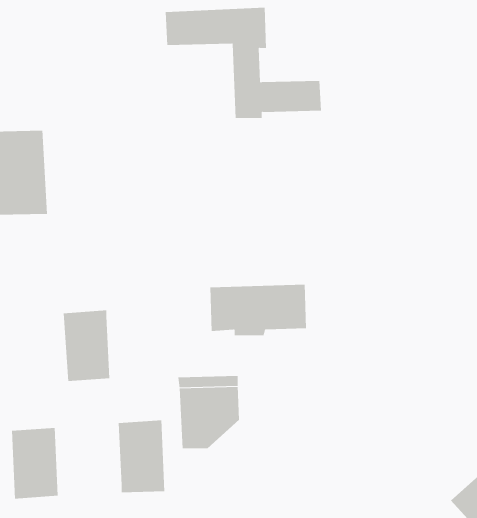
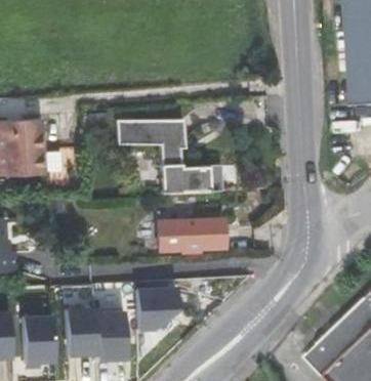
building: [165,7,322,119] -> [110,117,215,192]
building: [63,310,110,382] -> [63,307,94,355]

